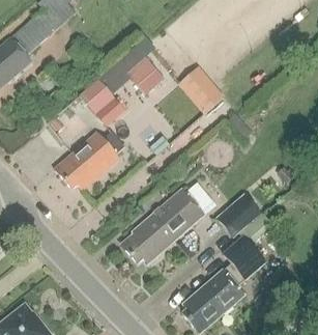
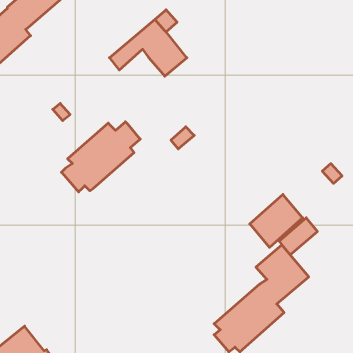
building: [177,65,224,113] -> none
building: [78,78,123,125] -> none
building: [125,186,205,261] -> none

